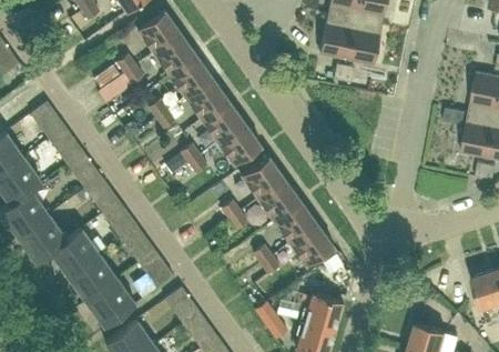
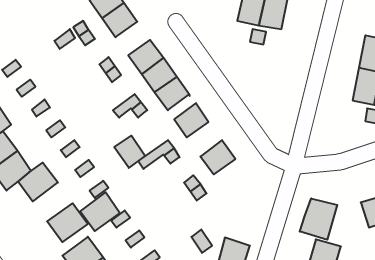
building: [169,54,211,95] -> none
building: [256,178,299,220] -> none
building: none -> [114,136,145,168]
building: [289,223,333,264] -> none
building: [67,252,115,300] -> [80,192,120,231]
building: none -> [300,198,337,240]
building: [303,292,342,330] -> none

